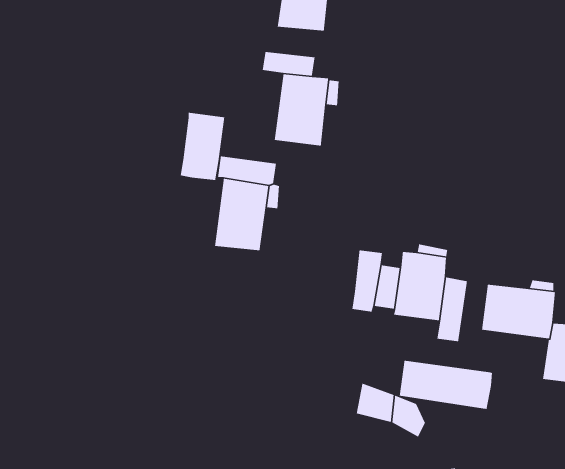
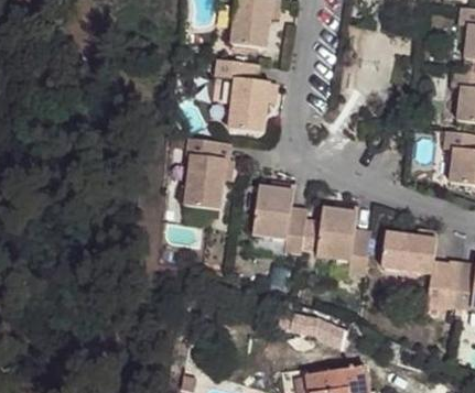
building: [180,112,225,181] -> none
building: none -> [252,186,294,238]
building: [399,360,493,410] -> none

